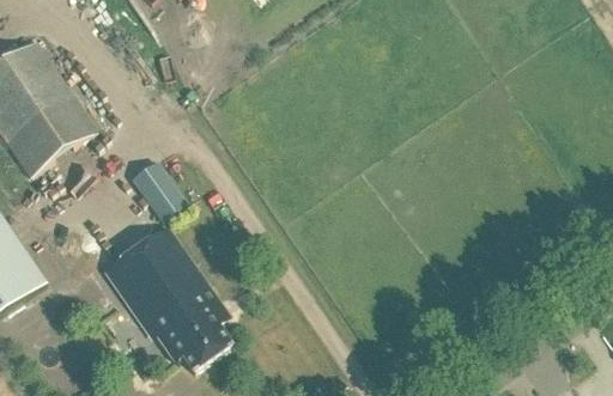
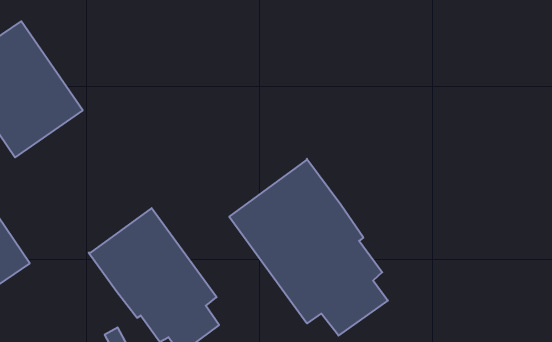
building: [129,158,184,218] -> none
building: none -> [229,159,388,336]

